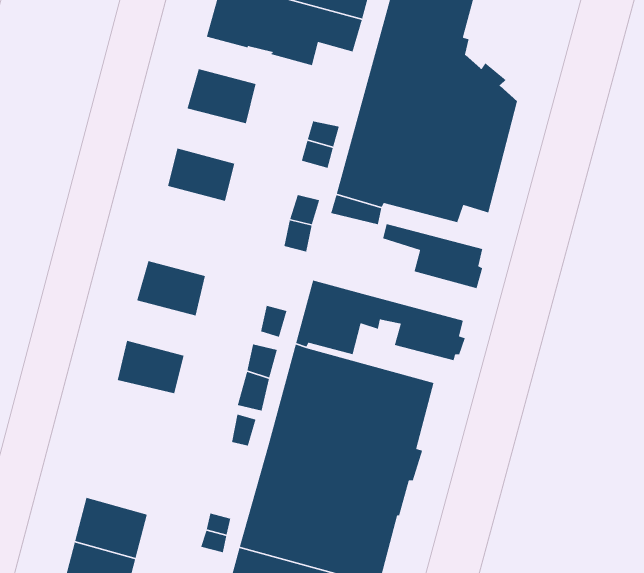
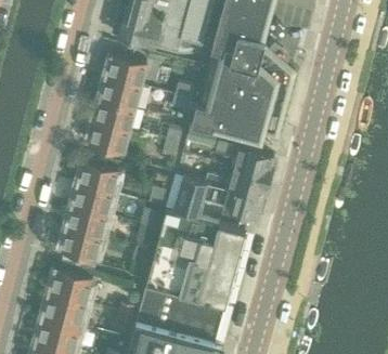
building: none -> [102,78,141,108]
building: none -> [90,121,129,154]
building: none -> [206,169,270,196]
building: none -> [74,185,113,215]
building: none -> [62,230,101,261]
building: none -> [51,268,93,304]

